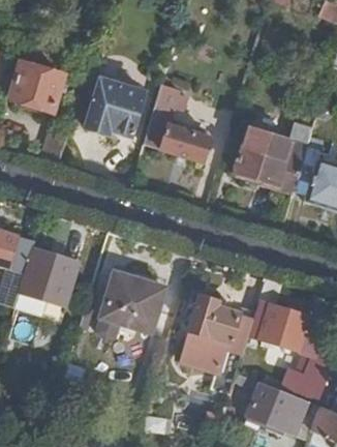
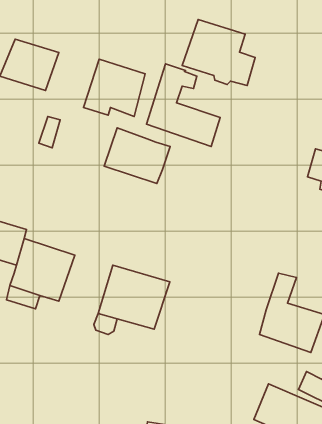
building: [235,129,302,190] -> [182,20,255,86]
building: none -> [104,128,170,183]
building: [181,298,256,378] -> none

